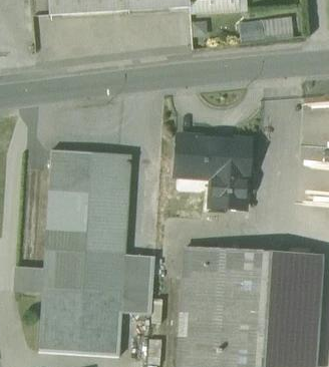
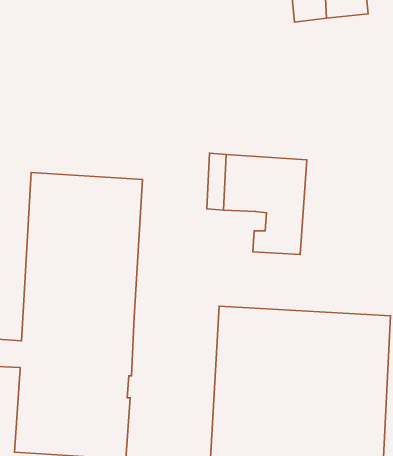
building: [119,254,154,314] -> none

